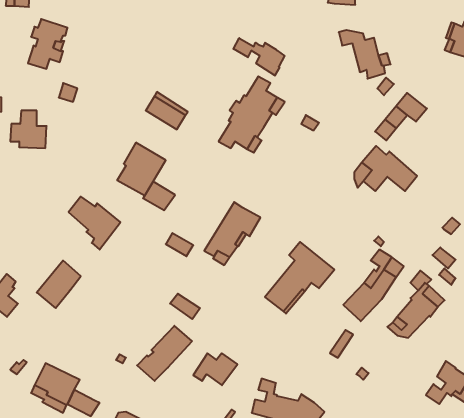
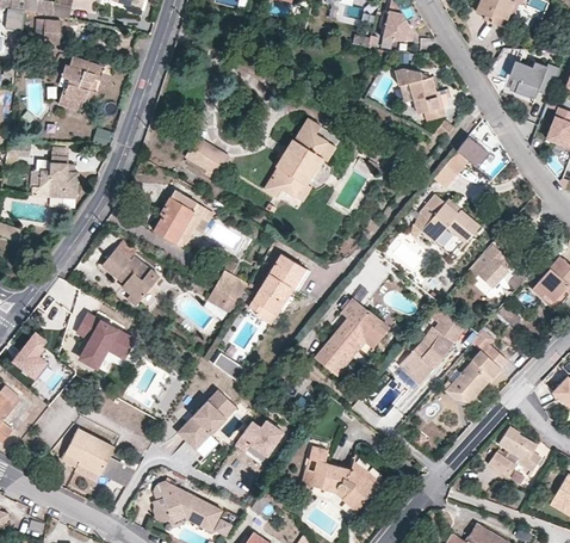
building: [233,38,285,76] -> none
building: [143,182,175,210] -> [215,271,249,302]
building: none -> [478,246,513,288]

